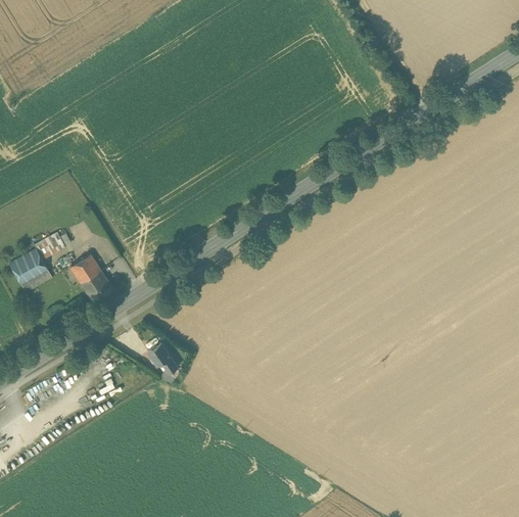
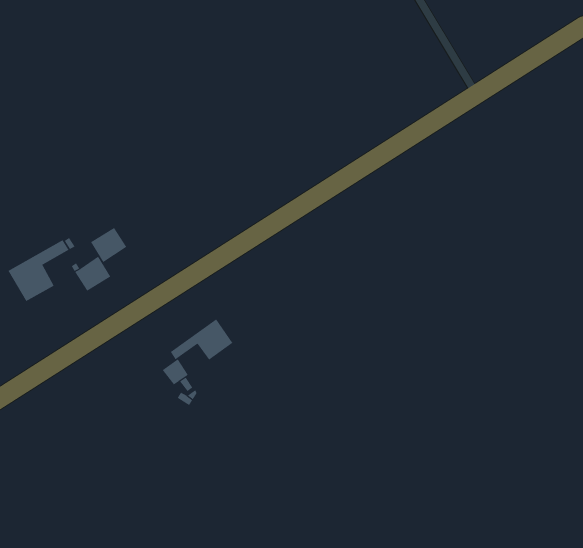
building: [79,269,111,300] -> [90,227,127,263]
building: none -> [170,319,233,360]

